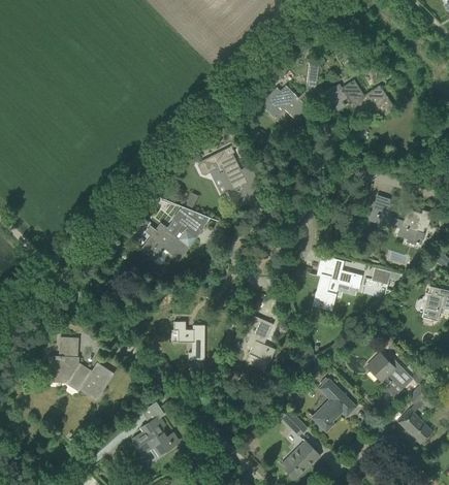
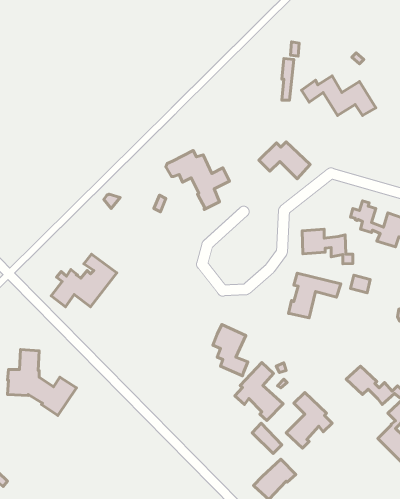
building: [259,86,308,121] -> [259,142,310,179]
building: [141,209,203,259] -> [51,254,117,307]
building: none -> [302,229,353,264]
building: [173,322,204,360] -> none
building: none -> [235,363,283,421]
building: [132,402,173,455] -> none

